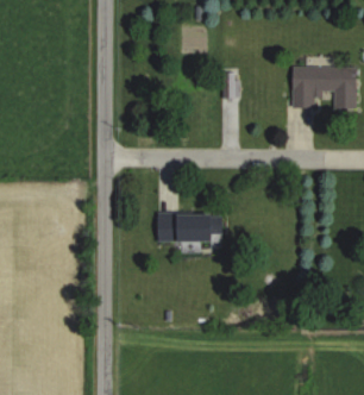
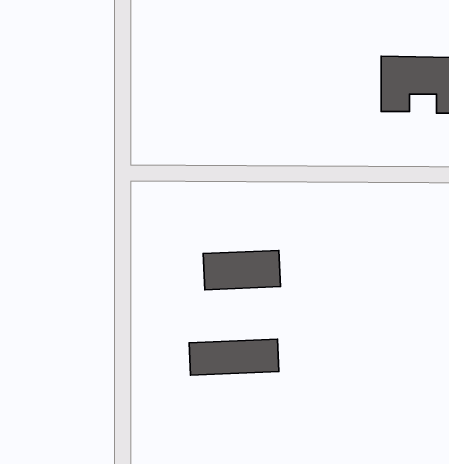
building: none -> [189,339,279,375]

